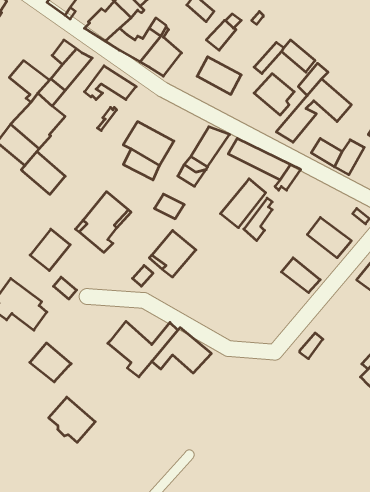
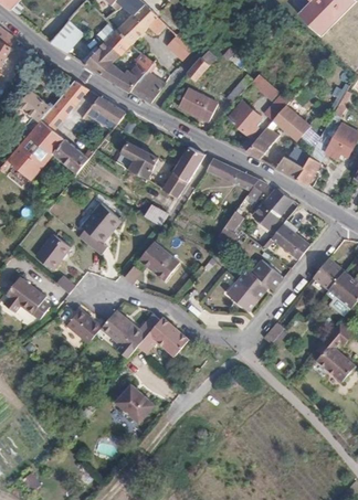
building: [21,152,65,194] -> [52,138,90,174]
building: [220,179,266,228] -> [253,187,292,228]
building: none -> [225,267,273,310]
building: [30,343,71,382] -> [69,311,104,344]
building: [49,397,95,442] -> [117,384,157,423]

